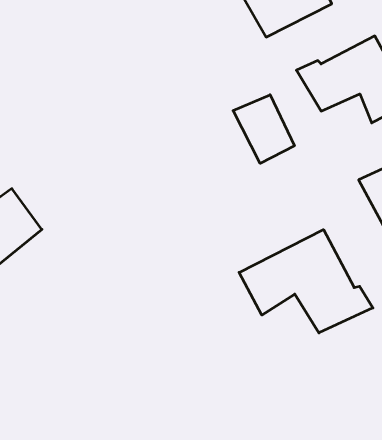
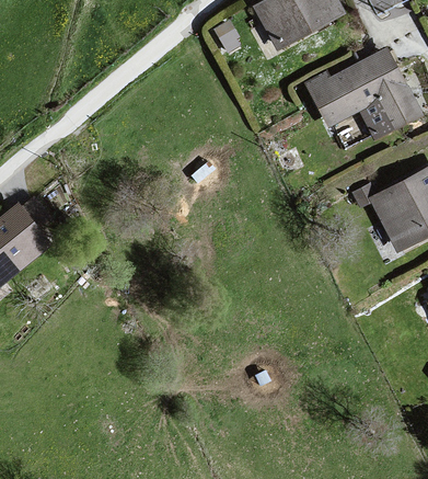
building: [233,95,294,163] -> none
building: [239,230,373,333] -> none

